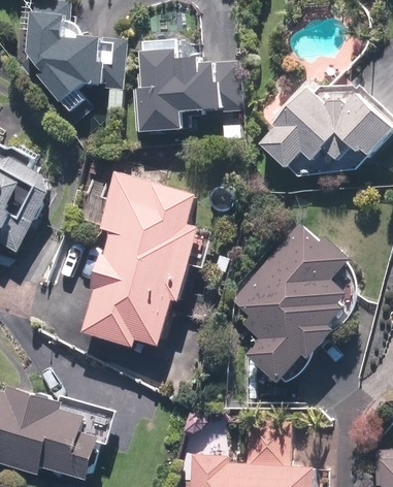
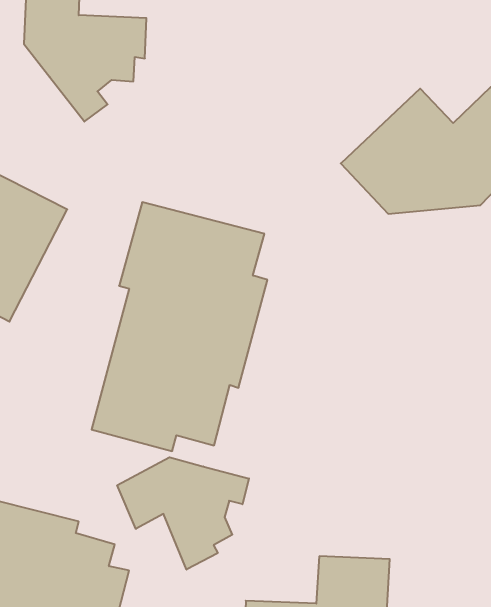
building: [128,41,219,132] -> none
building: [224,218,357,389] -> none
building: none -> [117,457,249,570]

